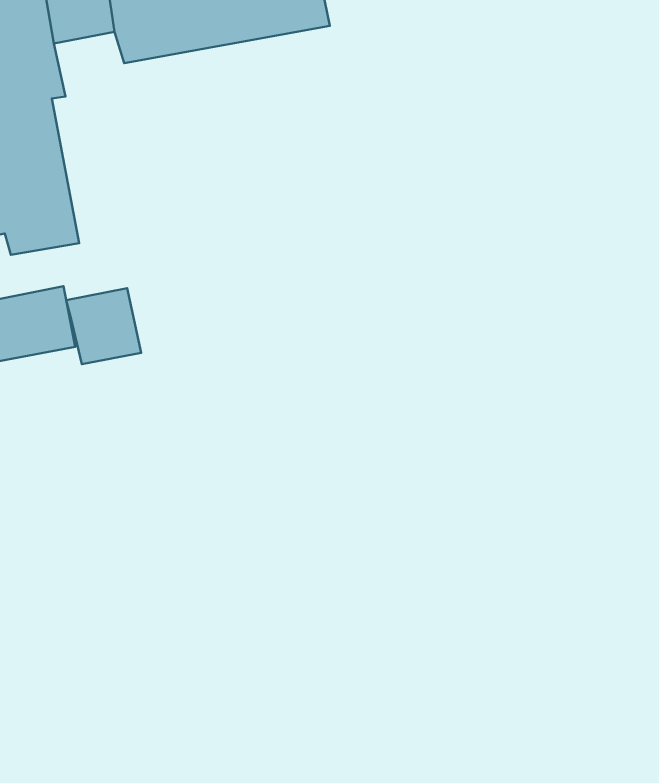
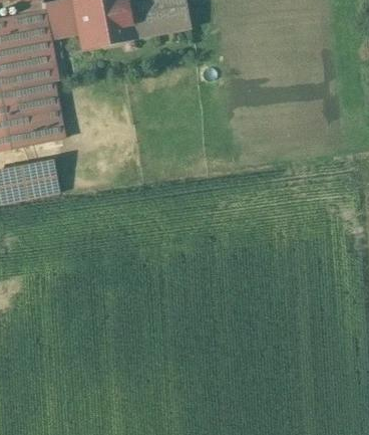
building: [66,288,141,364] -> none

